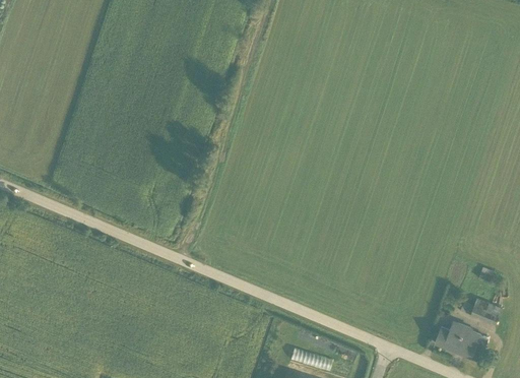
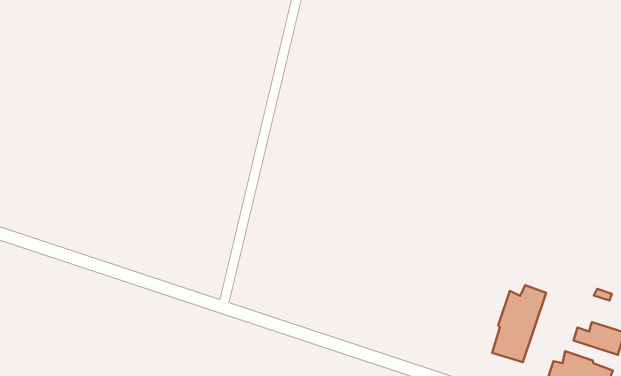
building: none -> [492,285,546,362]

